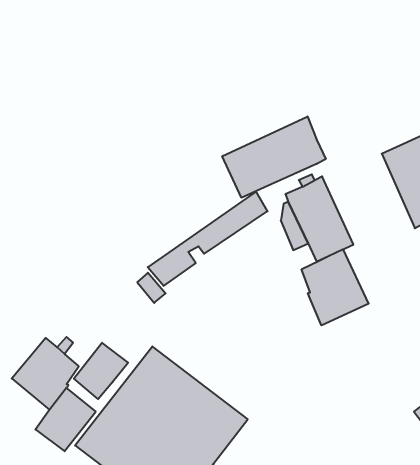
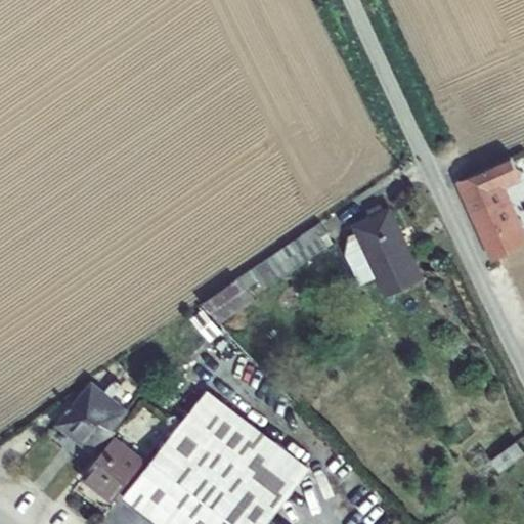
building: [222,116,326,198] -> none
building: [302,249,369,325] -> none
building: [74,343,128,399] -> none

